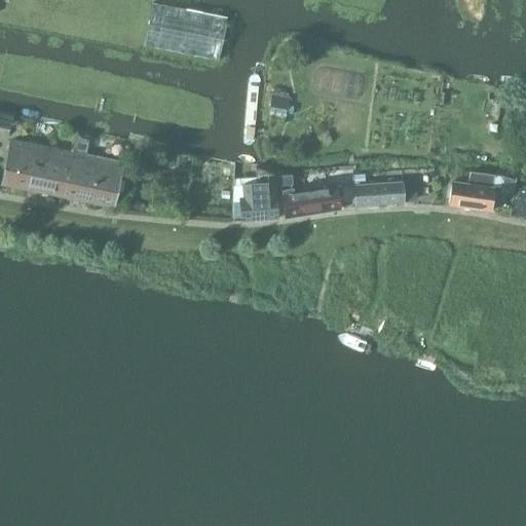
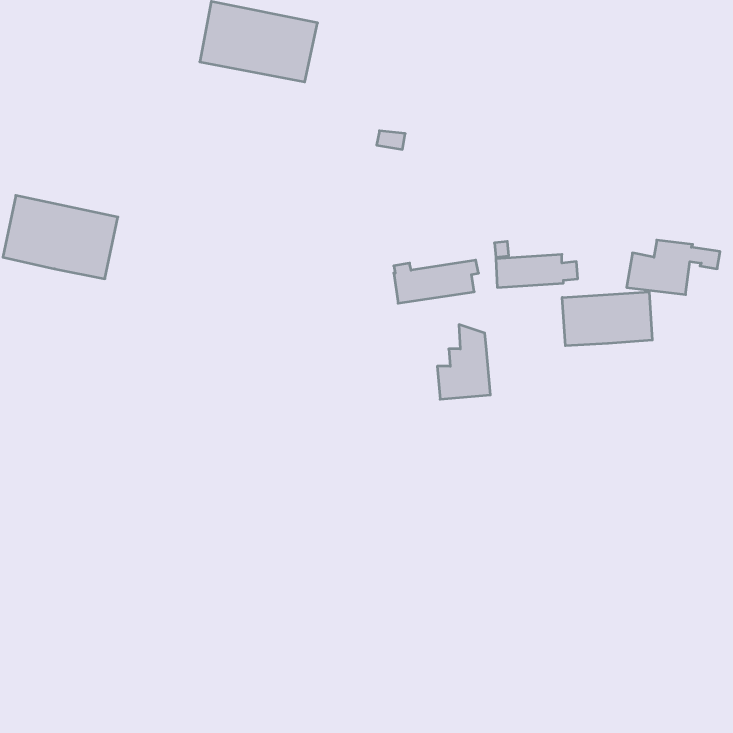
building: [76,155,123,208] -> none
building: [240,167,278,221] -> [437,325,490,399]
building: none -> [562,292,652,346]

